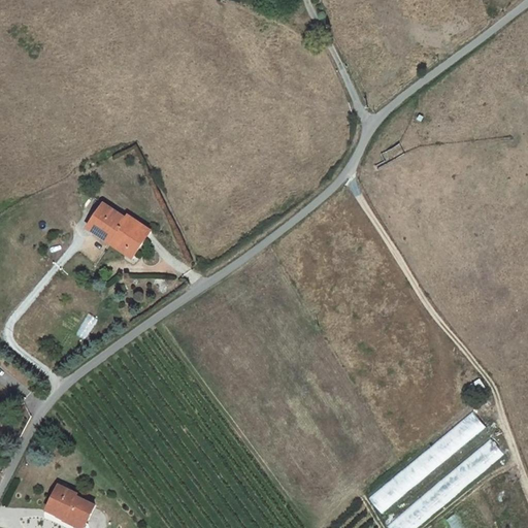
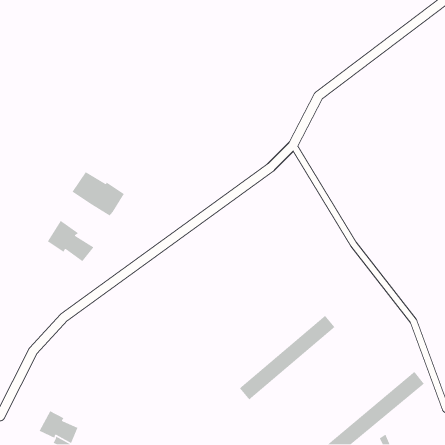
building: none -> [47,220,95,262]
building: [371,410,486,512] -> [239,315,336,400]

